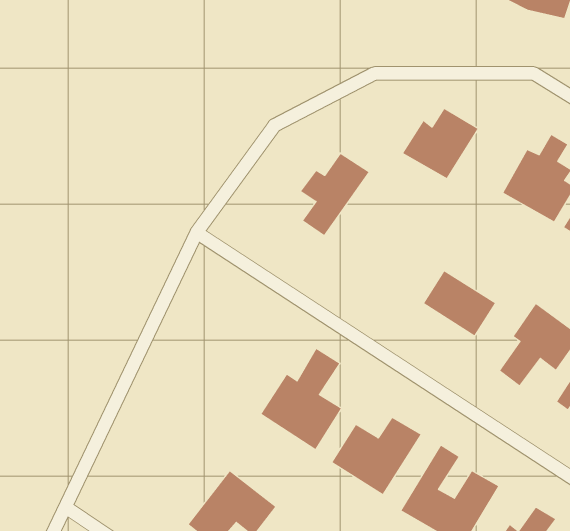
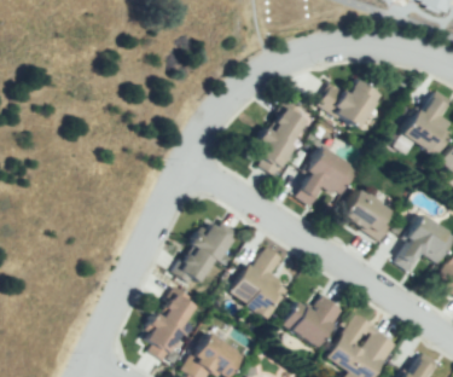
building: none -> [297,146,356,205]
building: none -> [169,227,227,286]
building: none -> [144,295,196,356]

